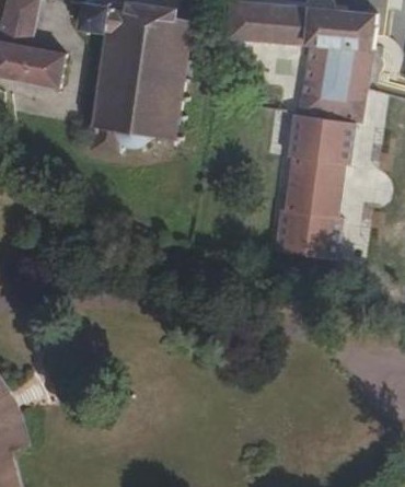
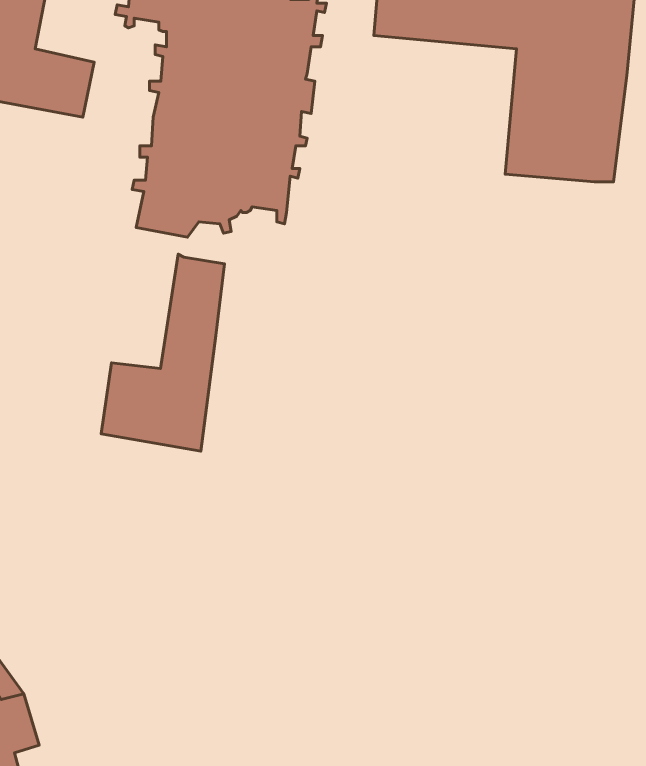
building: [271,115,354,259] -> none
building: none -> [101,254,224,451]

